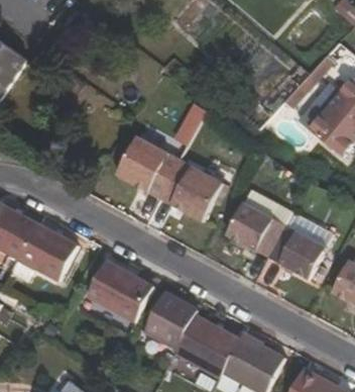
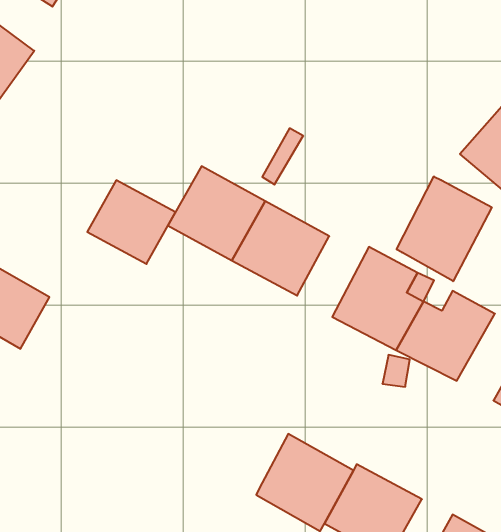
building: none -> [397,176,492,281]
building: [17,222,76,278] -> [87,180,176,264]
building: [86,260,152,321] -> none
building: [142,292,197,350] -> none

